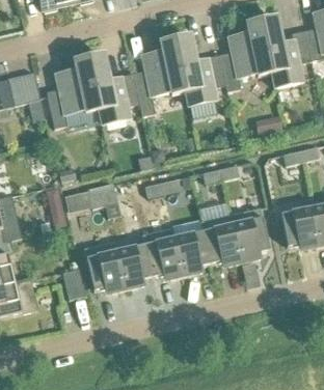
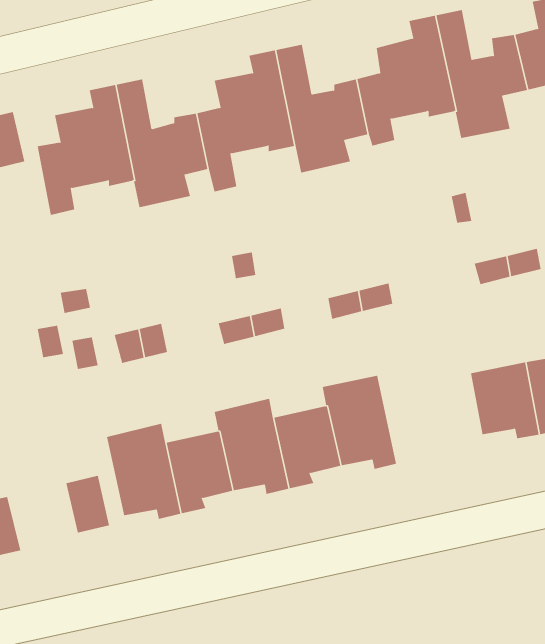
building: [231,206,270,261] -> none

